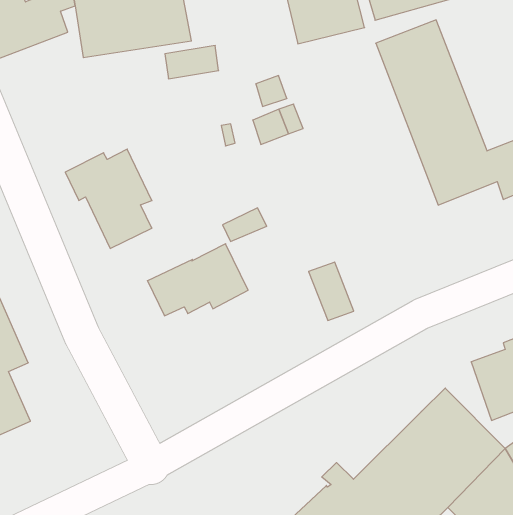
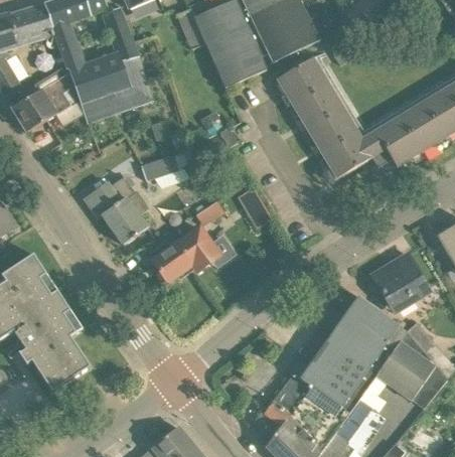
building: [165,46,219,79] -> [141,154,178,181]
building: [309,262,354,320] -> [238,188,272,227]

